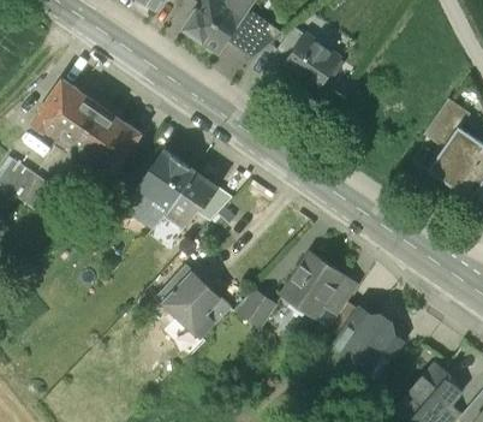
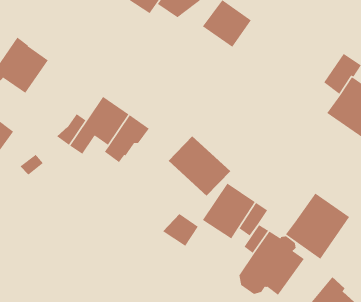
building: [72,107,139,178] -> none
building: none -> [285,193,350,260]
building: [156,266,231,338] -> [168,135,231,197]

